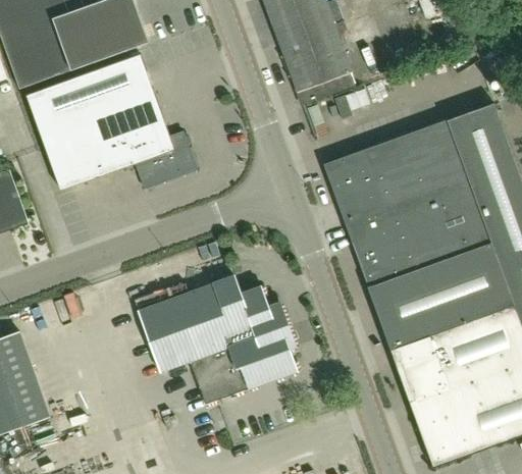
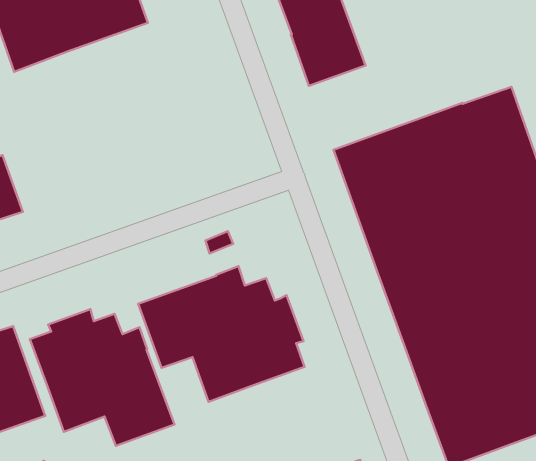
building: [27,53,195,190] -> none
building: none -> [30,309,175,446]

